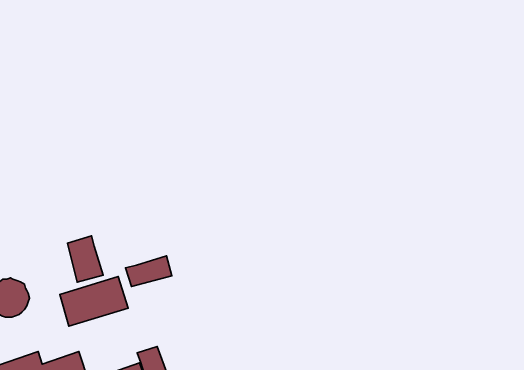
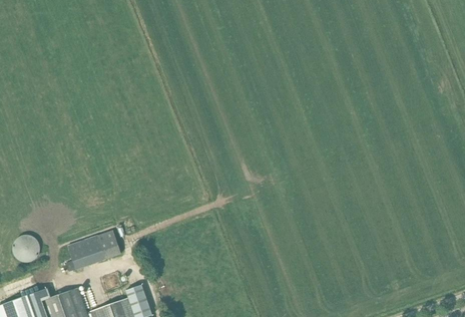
building: [68,236,103,282] -> none
building: [126,256,172,287] -> none

